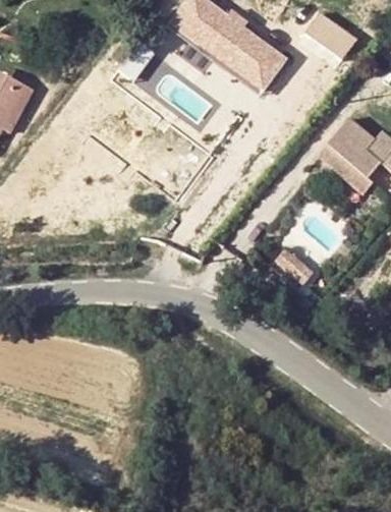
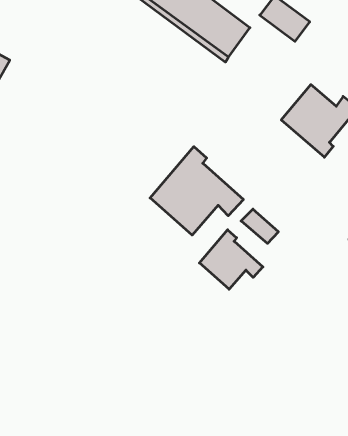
building: none -> [150,147,243,235]
building: none -> [199,230,263,289]

